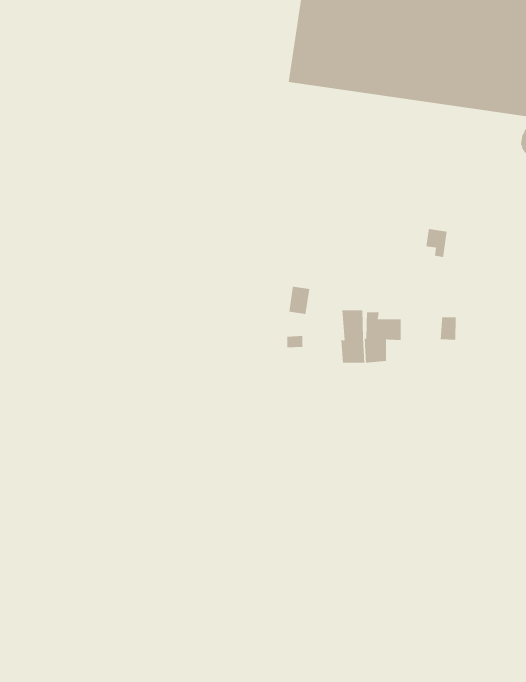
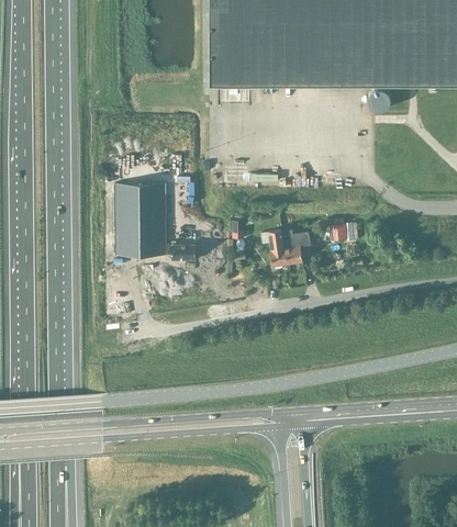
building: none -> [114,183,197,260]

